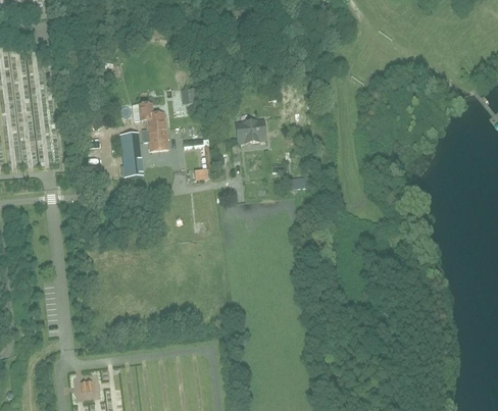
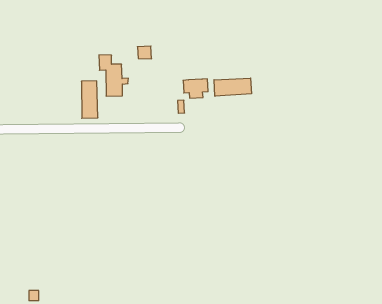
building: none -> [214,78,251,96]

